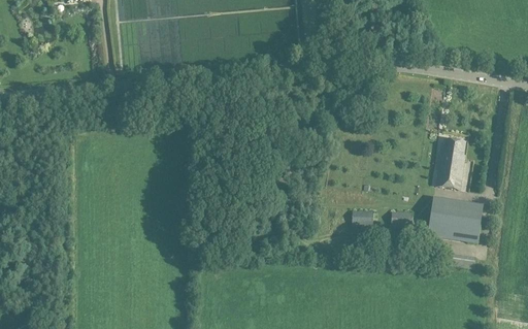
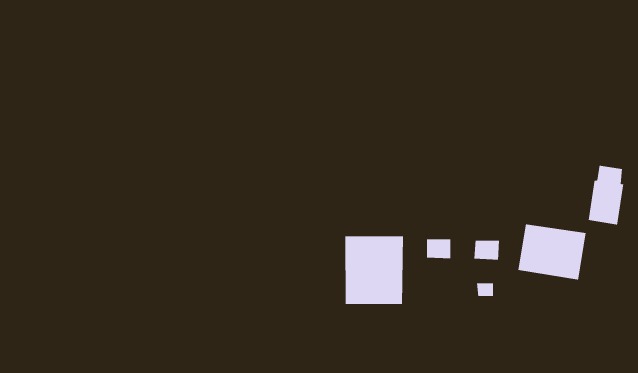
building: [435,138,465,188] -> [588,165,624,225]
building: none -> [345,236,404,305]

